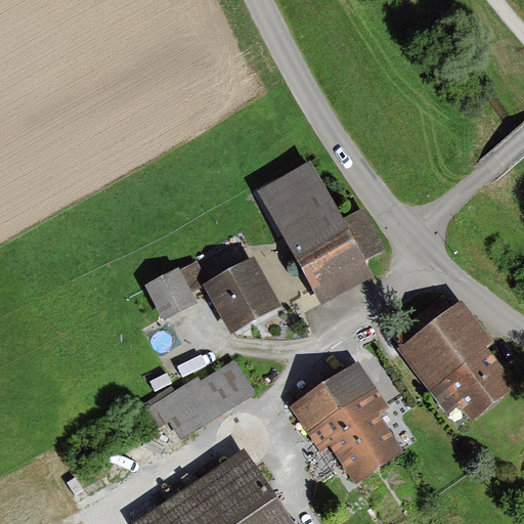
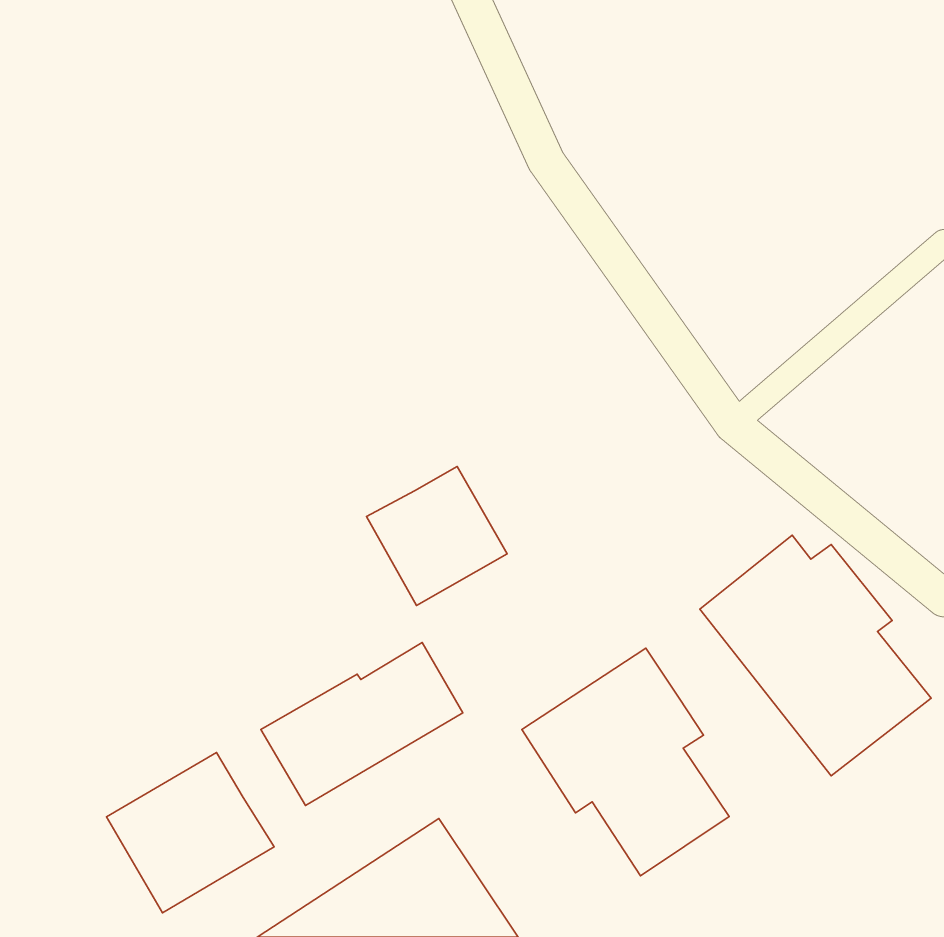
building: [259,165,372,303] -> none
building: [144,265,198,319] -> none
building: none -> [106,752,274,913]

